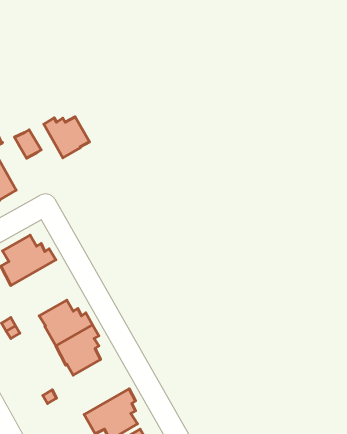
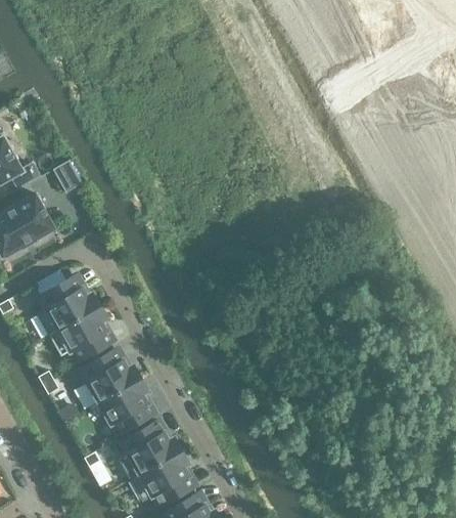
building: [44,117,90,158] -> none
building: none -> [50,306,109,362]
building: none -> [121,423,182,479]

